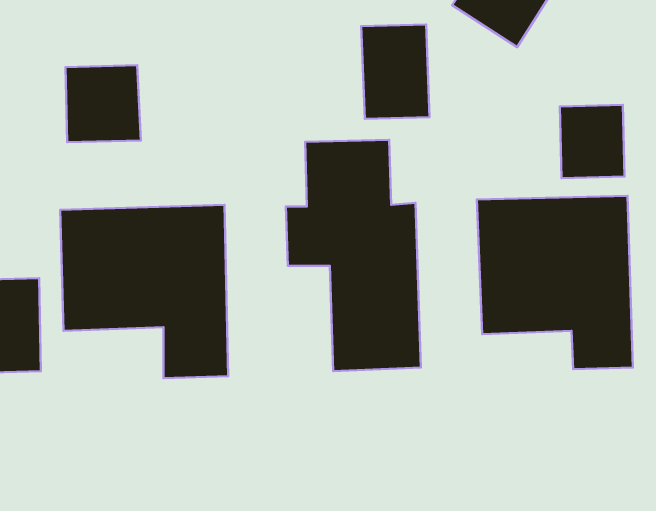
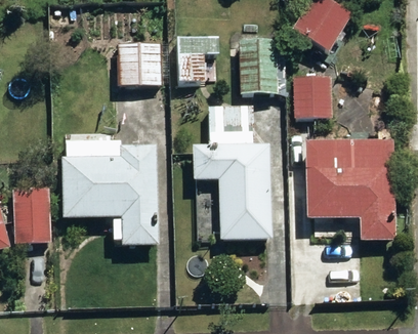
building: none -> [174,37,219,82]
building: [65,65,141,142] -> [117,41,161,86]
building: [560,105,625,178] -> [293,75,331,118]

